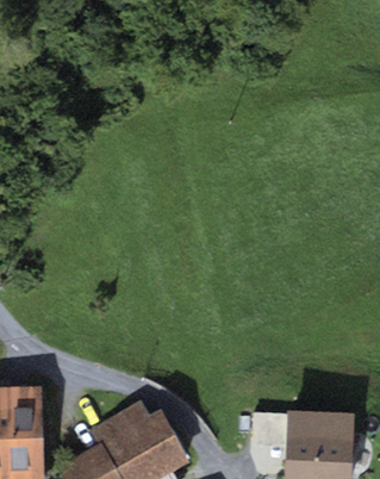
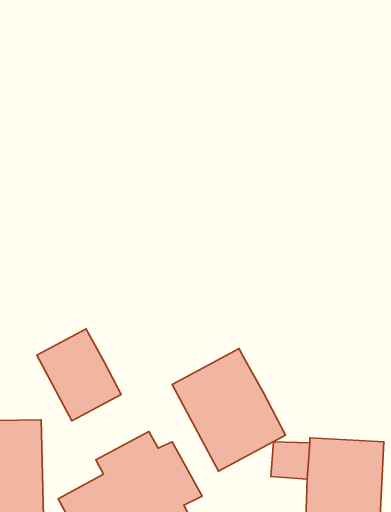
building: none -> [37,329,121,421]
building: none -> [172,348,285,471]

